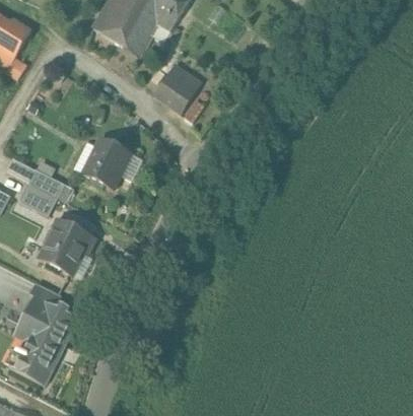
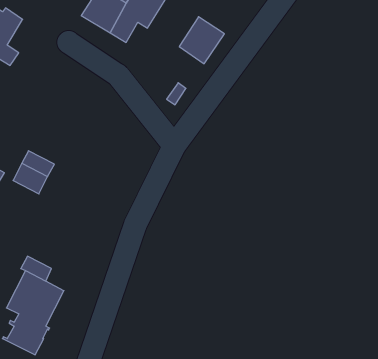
building: [154,62,202,112] -> [179,17,224,64]
building: [83,138,131,189] -> none
building: [40,219,96,274] -> none

